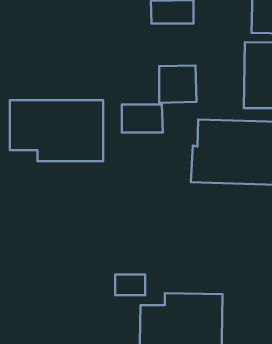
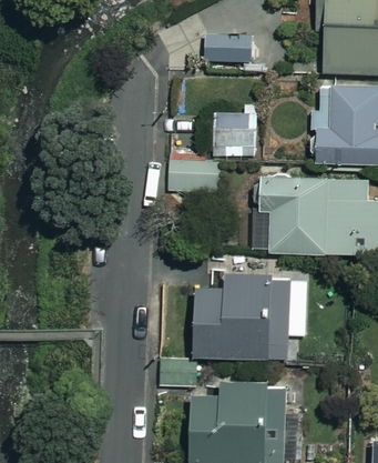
building: [10,100,103,161] -> none
building: none -> [195,276,307,360]

